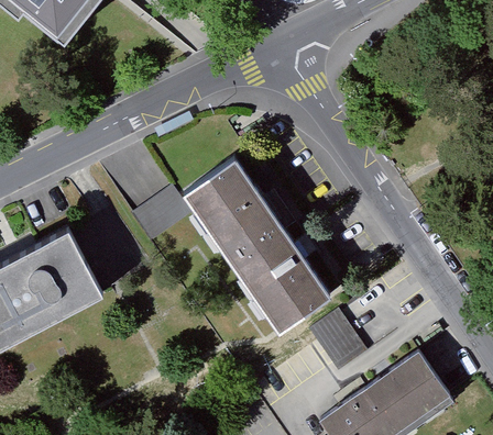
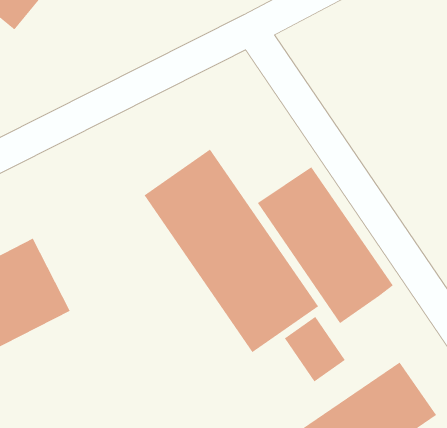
building: none -> [257,166,394,324]

